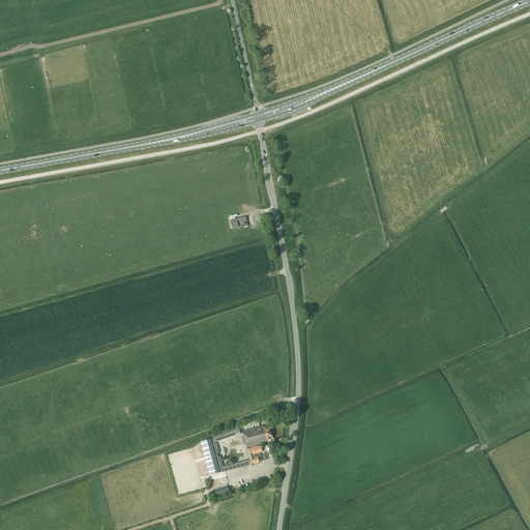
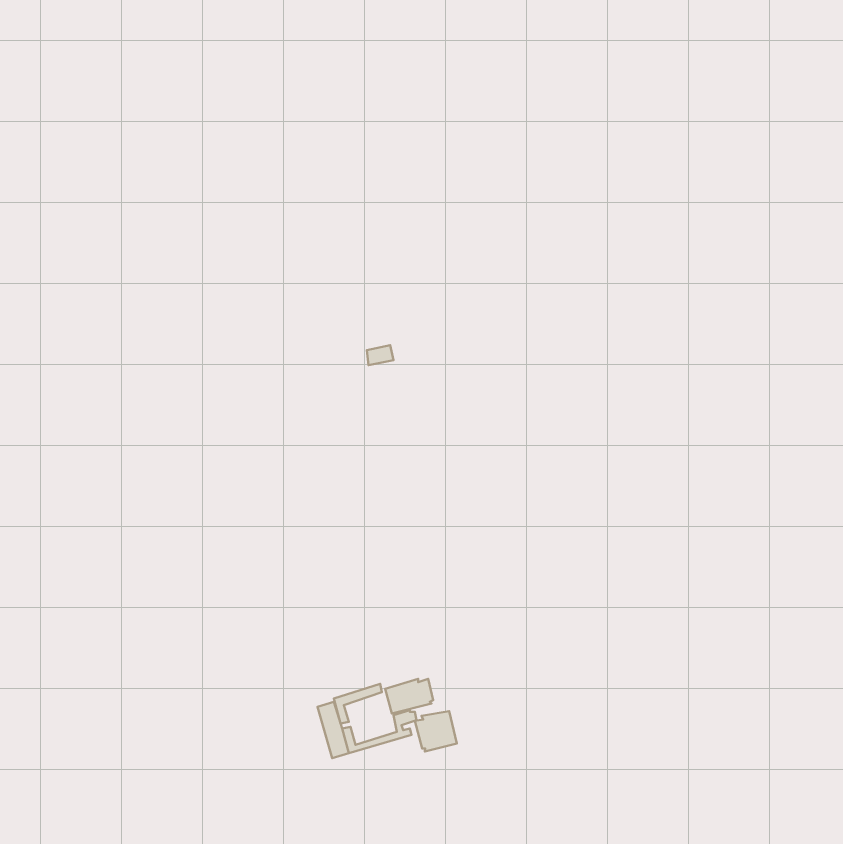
building: none -> [415,711,457,751]

